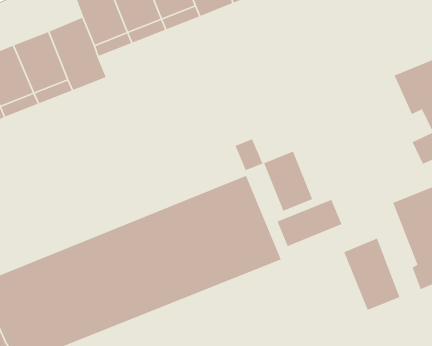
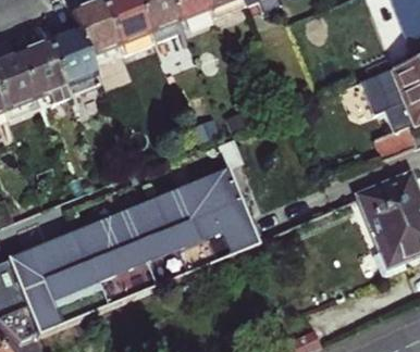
building: [263,150,313,212] -> none
building: [276,199,343,247] -> none
building: [343,238,400,311] -> none

